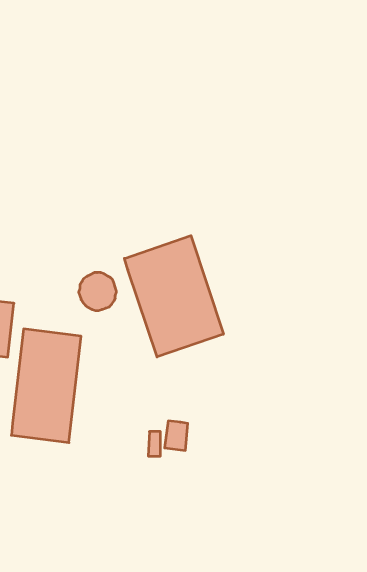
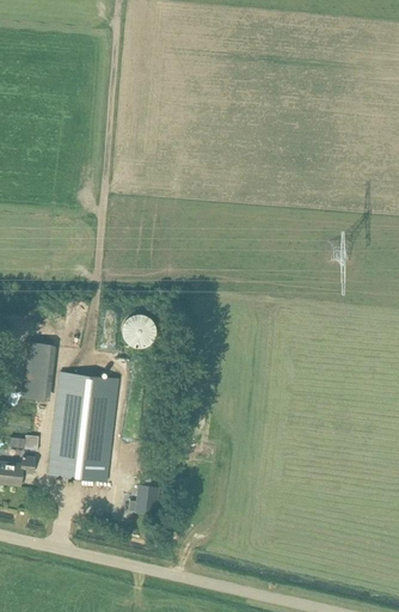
building: [124,236,223,357] -> none
building: [165,421,188,450] -> [135,485,158,514]

